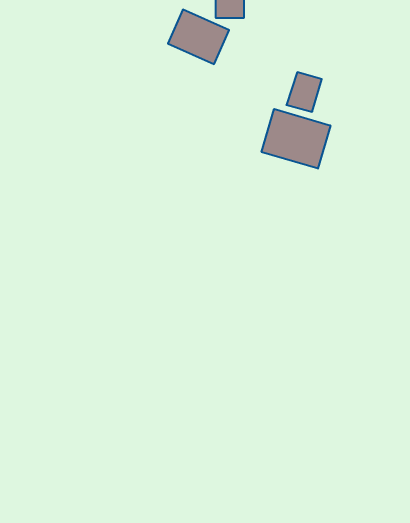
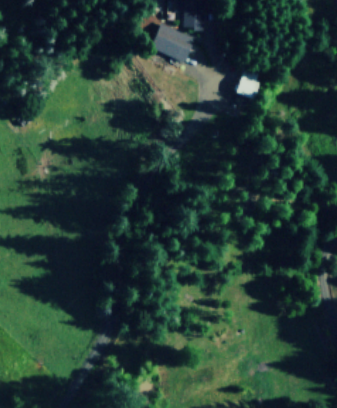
building: [262,109,330,169] -> none

